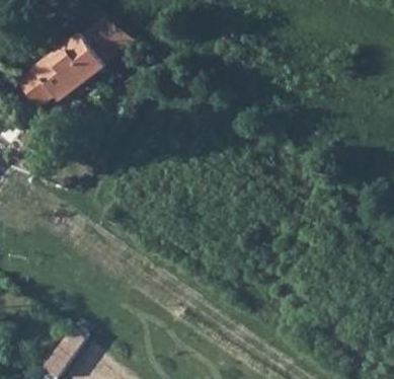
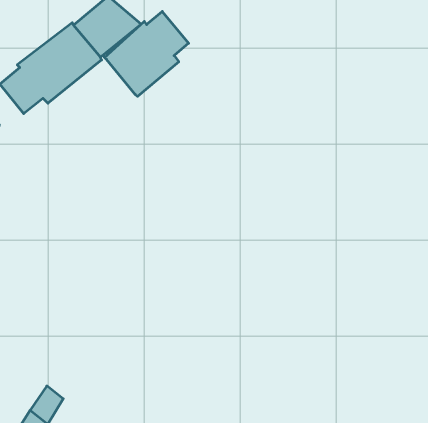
building: none -> [104,11,189,96]

